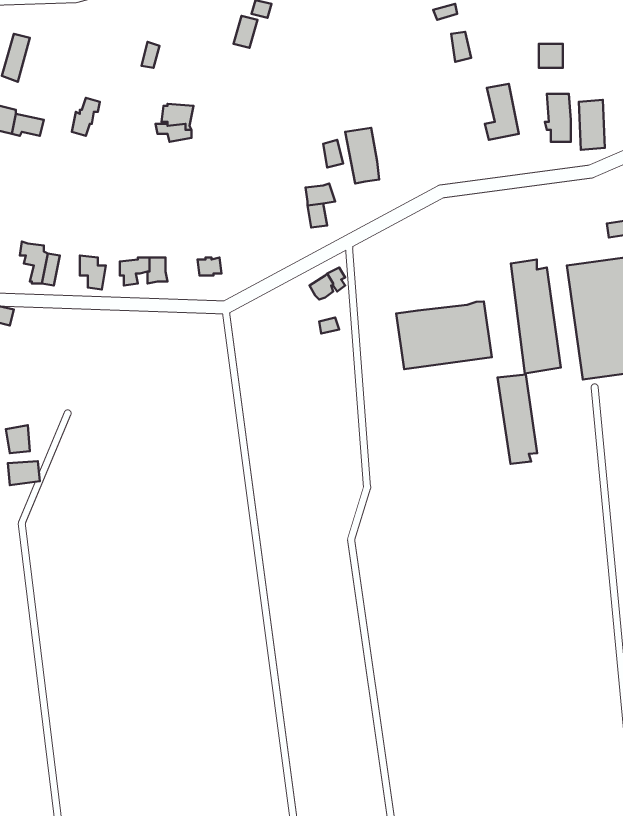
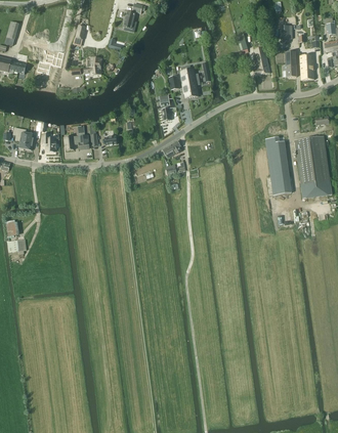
building: [396,301,492,369] -> none
building: [497,374,537,464] -> none

